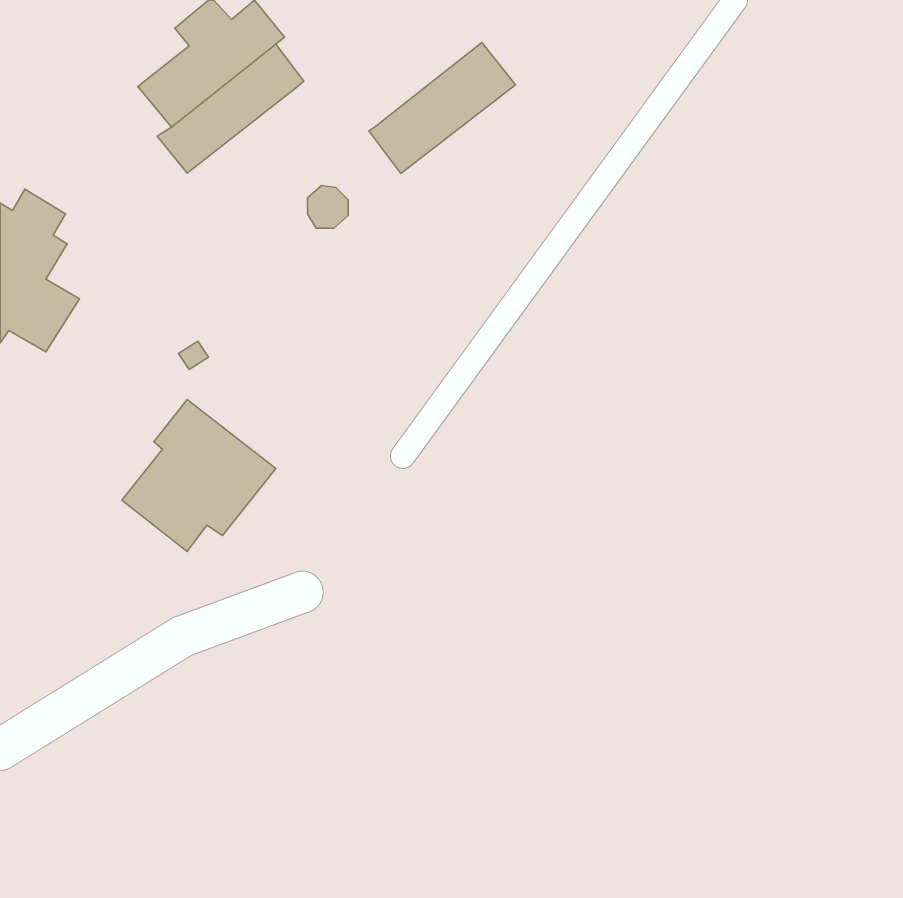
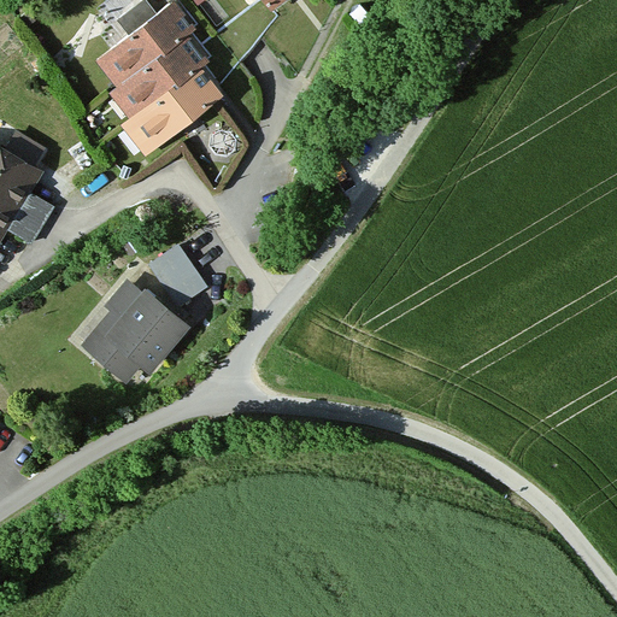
building: [369,43,516,173] -> [124,64,224,153]
building: none -> [152,246,207,306]

